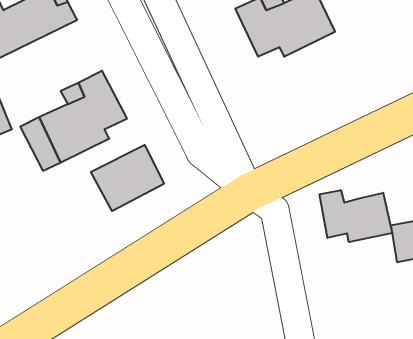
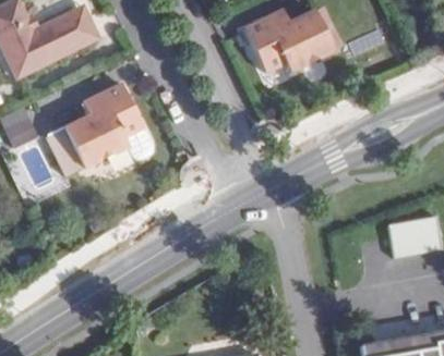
building: [91,145,164,211] -> none
building: [320,190,392,242] -> none

